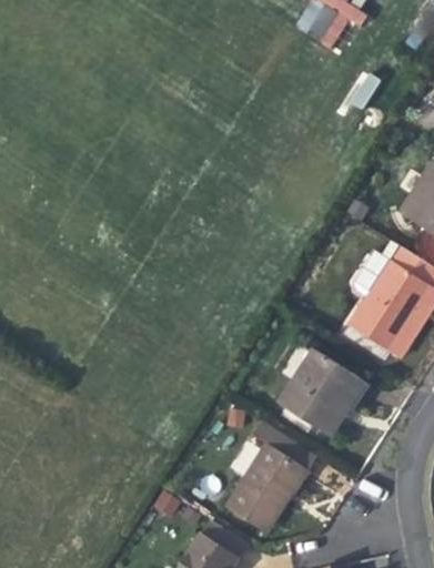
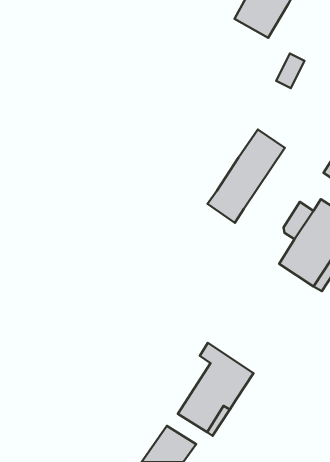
building: none -> [208,130,285,223]
building: [279,349,359,438] -> none

